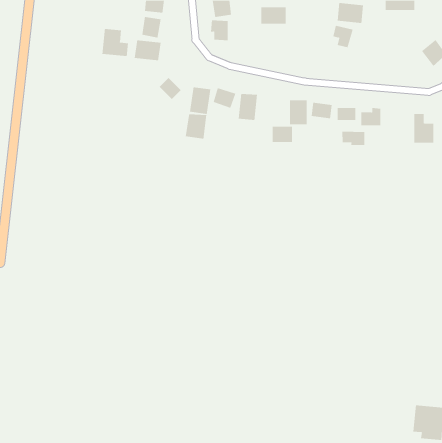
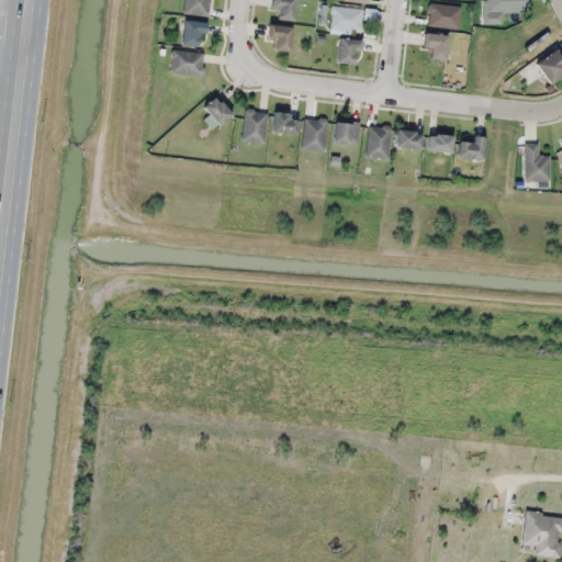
building: [102,28,129,57] -> none
building: none -> [337,38,360,65]
building: [185,113,207,139] -> none
building: [272,126,293,143] -> [334,123,360,144]
building: [342,131,365,146] -> none

